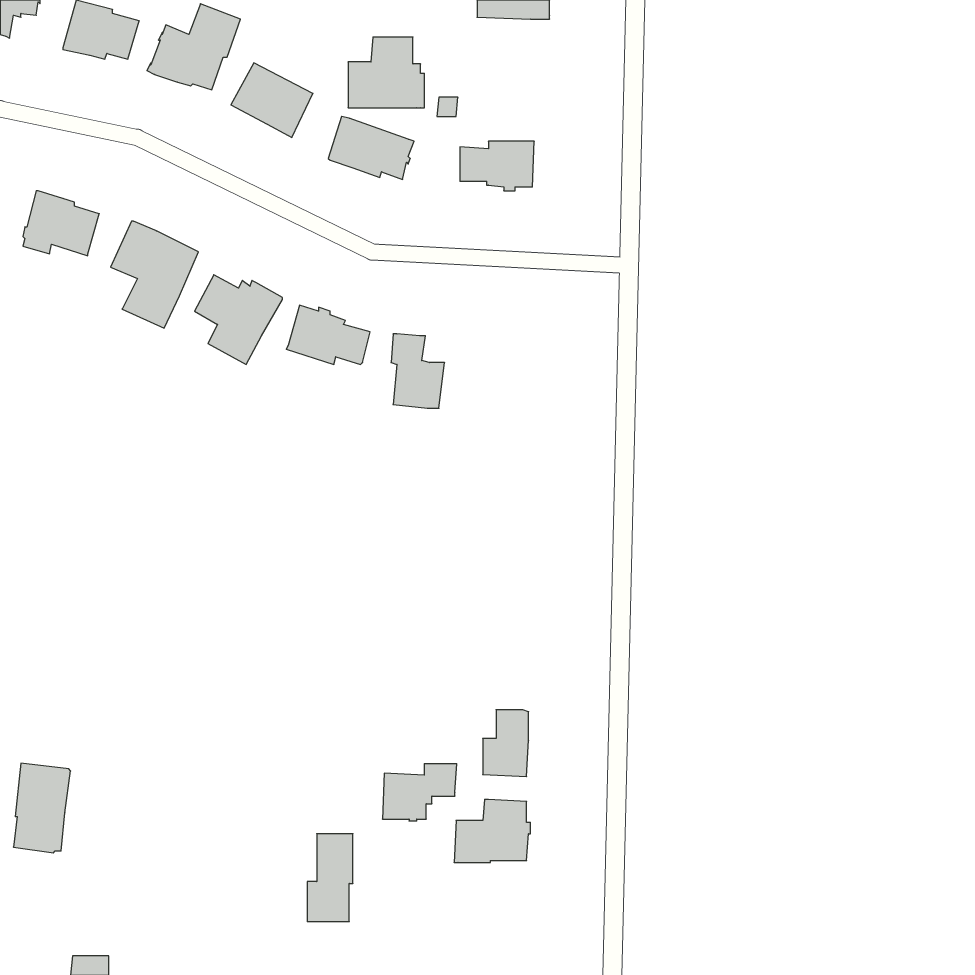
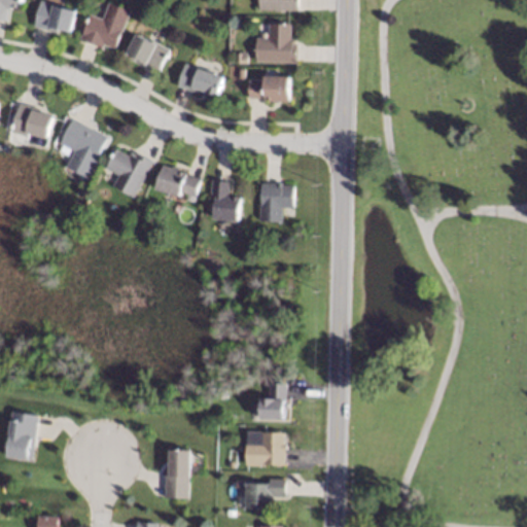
building: [348,37,424,108] -> [255,24,296,62]
building: none -> [258,182,293,221]
building: [382,764,457,821] -> [246,479,286,510]

